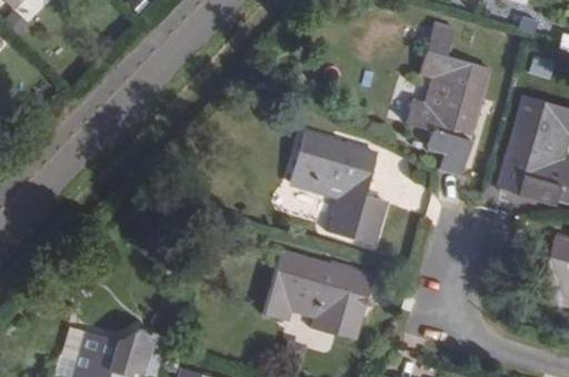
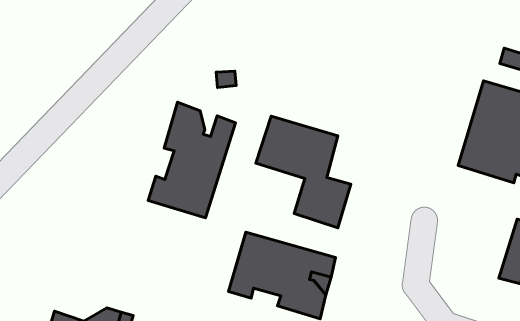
building: [408,22,490,176] -> none
building: none -> [148,102,236,218]

